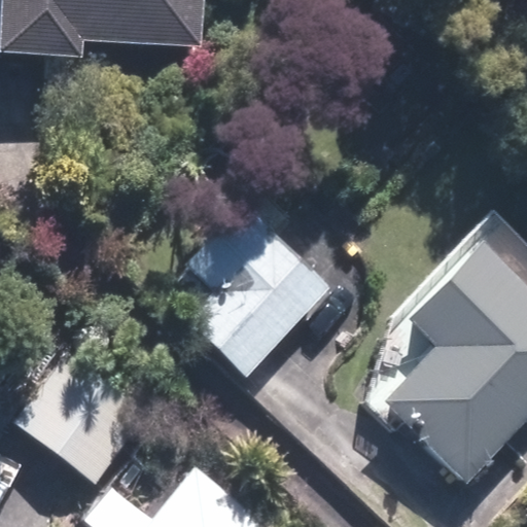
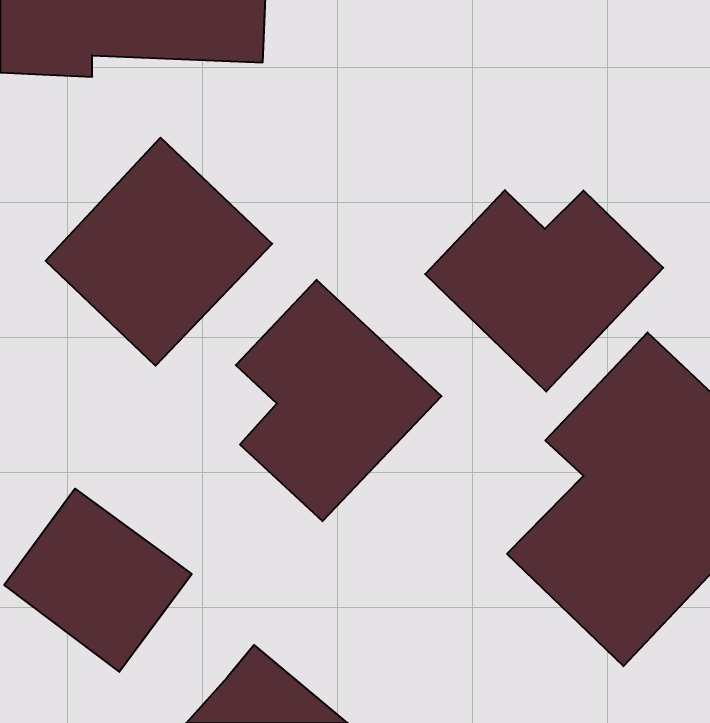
building: none -> [46,138,272,366]
building: none -> [425,190,663,392]

